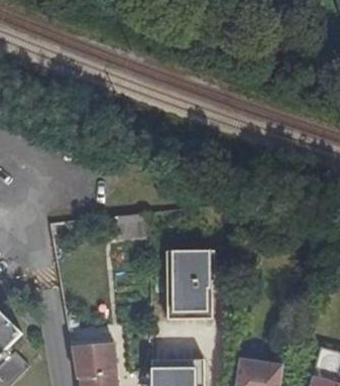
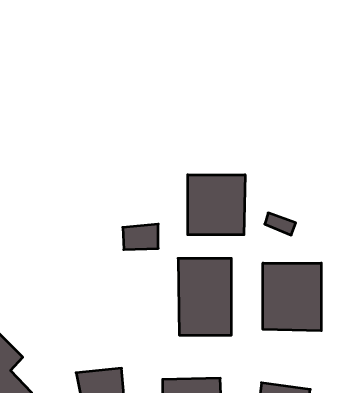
building: none -> [188,175,245,235]
building: none -> [263,263,321,331]

